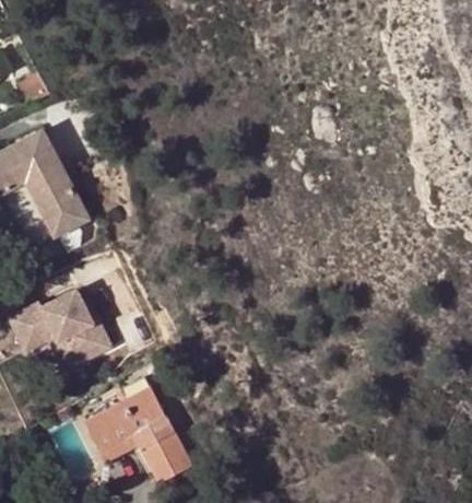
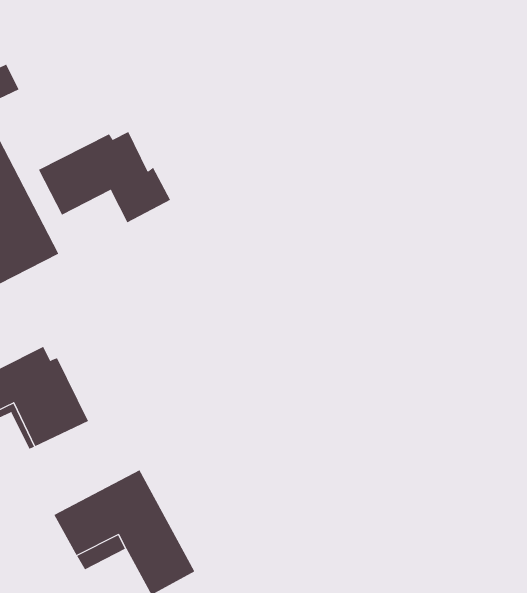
building: none -> [38,131,171,223]

